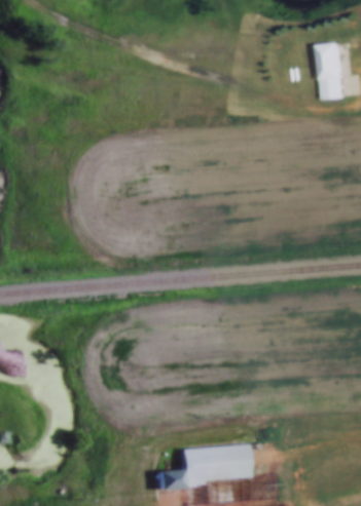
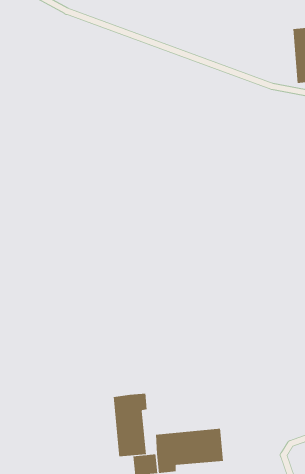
building: none -> [113,393,147,457]

